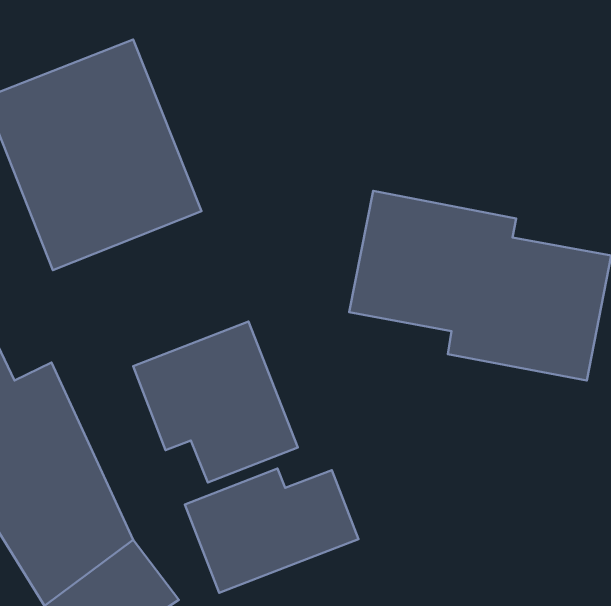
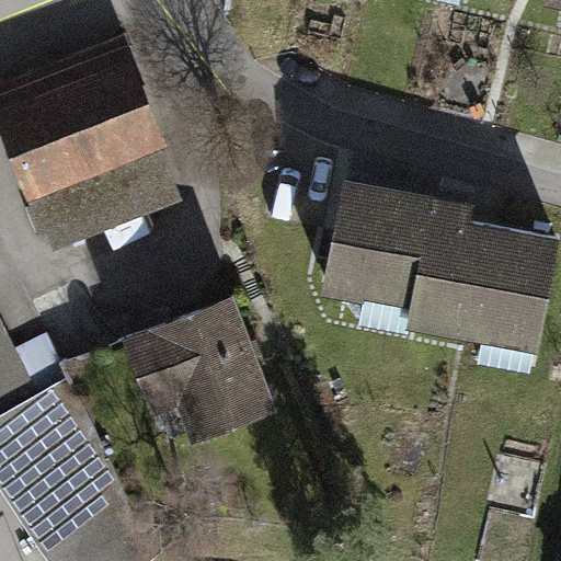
building: [185,468,359,593] -> none

